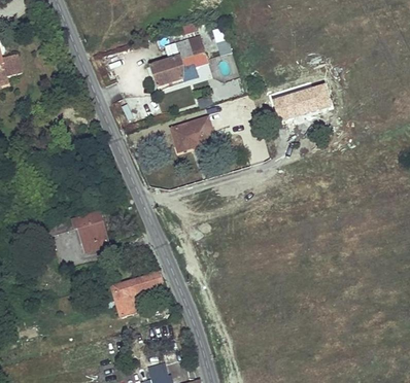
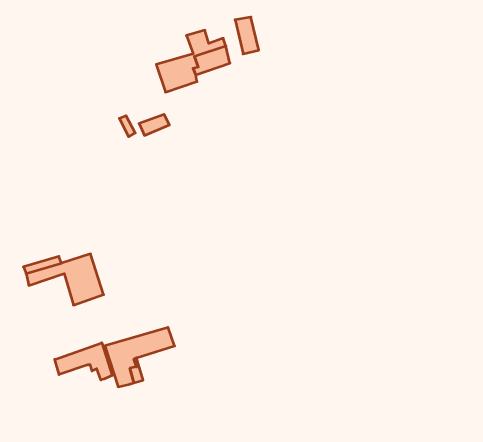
building: [273,85,329,120] -> none
building: [171,116,214,145] -> none
building: none -> [55,343,112,380]

